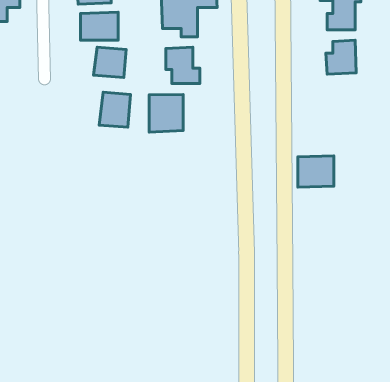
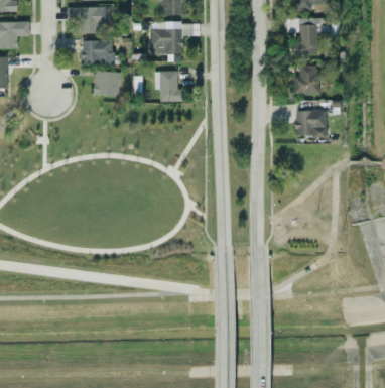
building: [99,92,131,127] -> none
building: [149,95,183,132] -> none
building: [298,156,334,187] -> [295,110,327,137]

